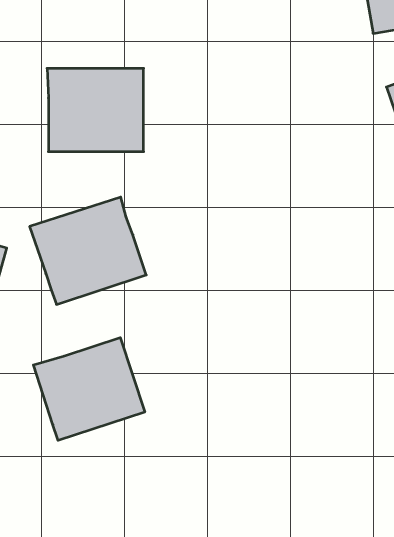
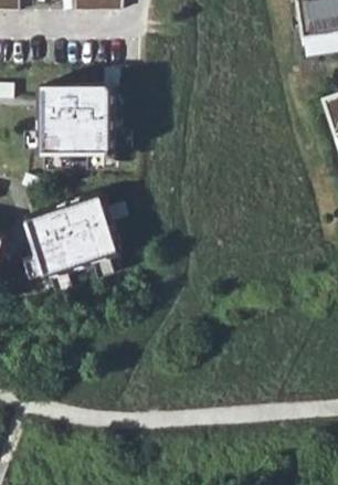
building: [33,338,145,440] -> none

